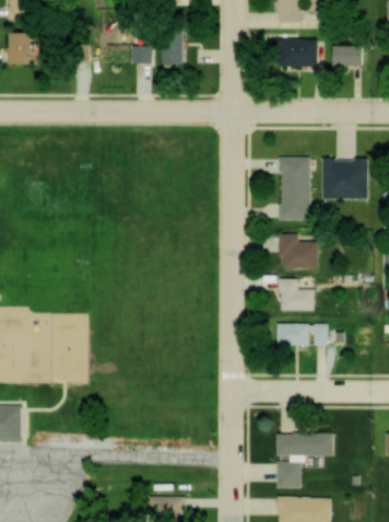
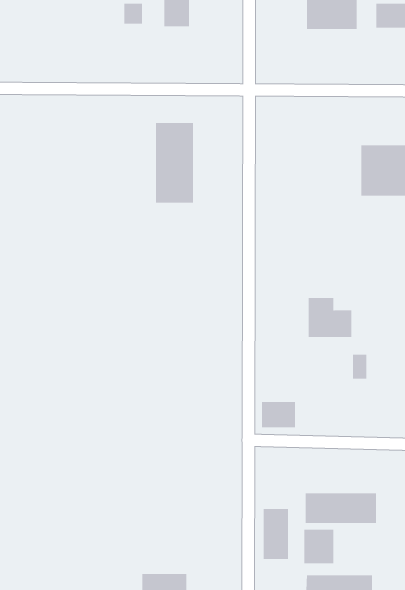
building: [278,158,308,221] -> [155,123,194,203]
building: [279,235,317,269] -> none
building: [281,324,308,345] -> [261,402,296,428]
building: none -> [263,508,289,560]

